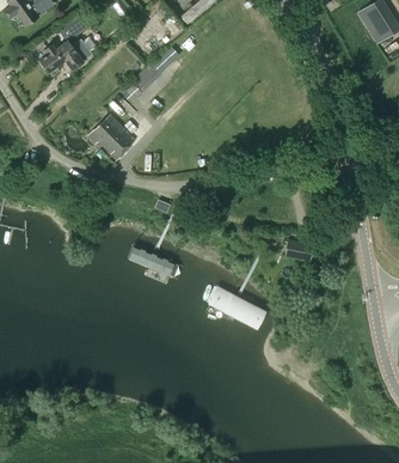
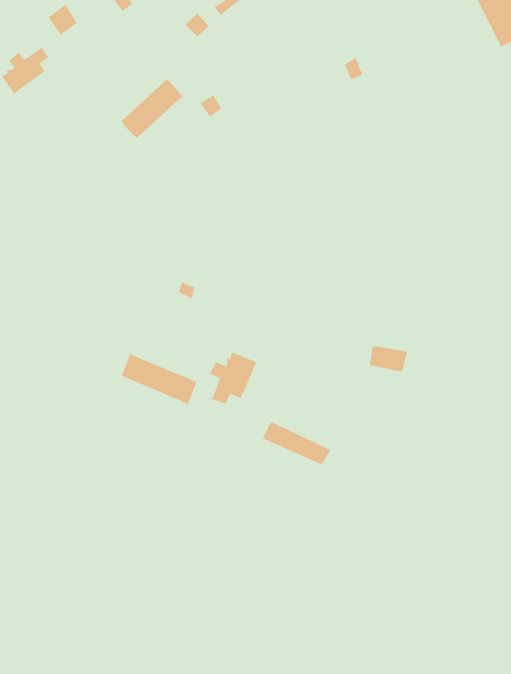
building: [66,37,97,71] -> none
building: [87,115,135,160] -> none
building: none -> [209,352,257,405]

